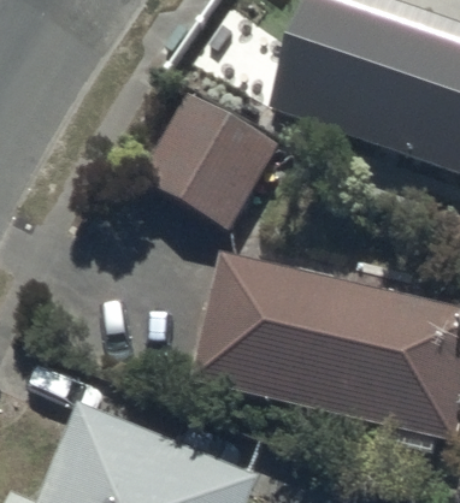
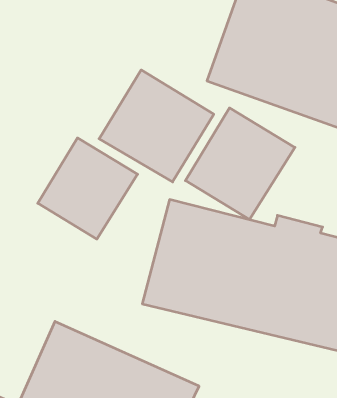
building: none -> [185,108,295,220]
building: none -> [38,138,138,239]

